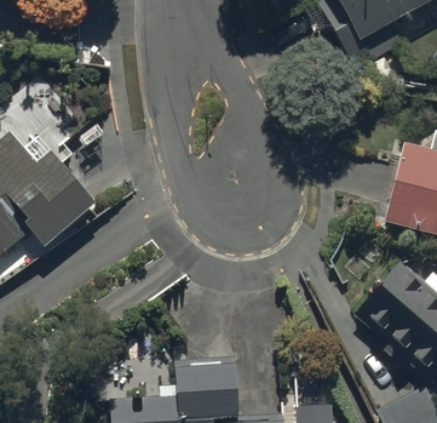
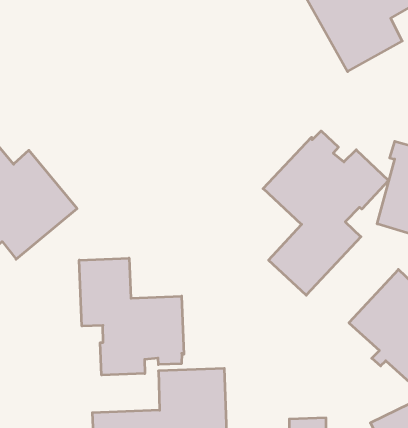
building: none -> [263,131,389,295]
building: none -> [79,258,184,375]

